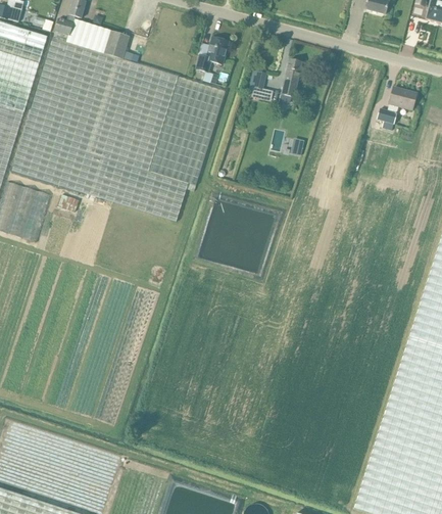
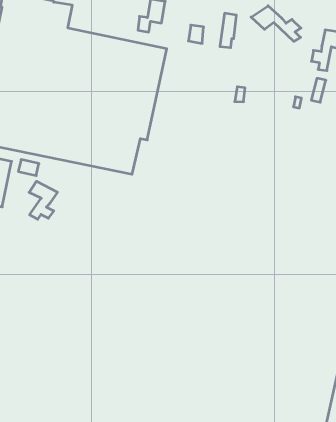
building: none -> [251,6,301,41]
building: none -> [29,181,57,219]

